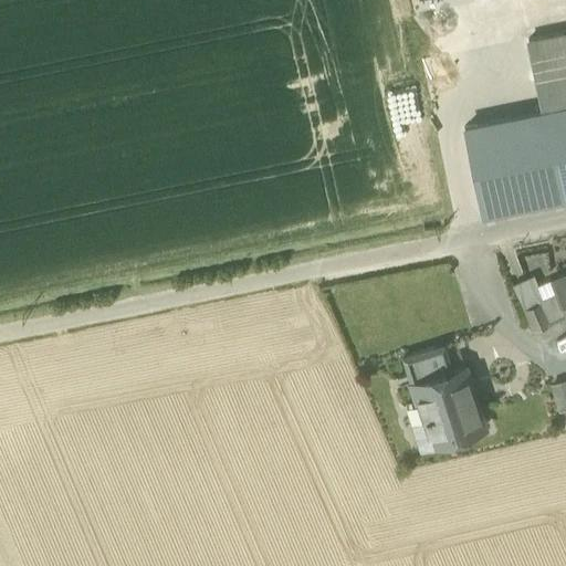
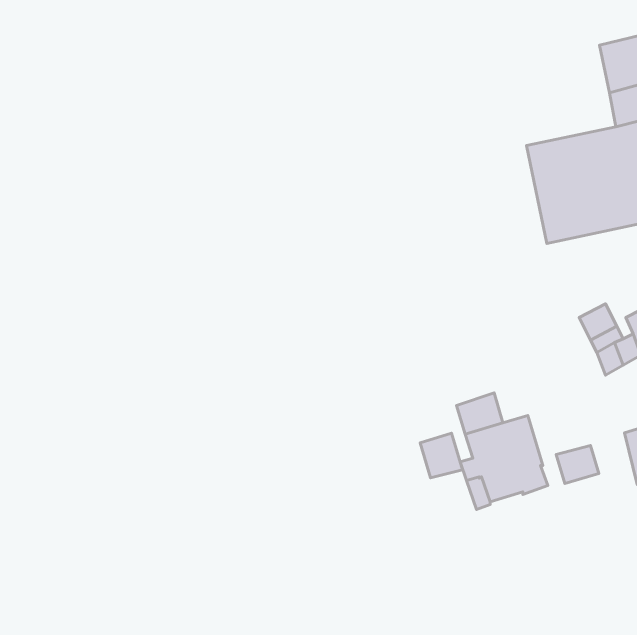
building: none -> [420,433,463,478]
building: none -> [556,445,599,484]

